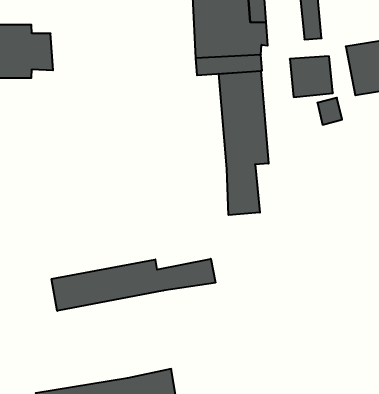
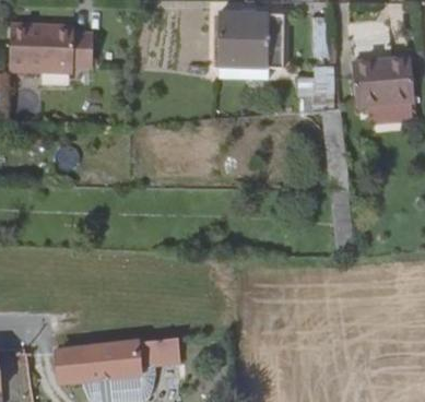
building: [219,71,269,215] -> none
building: [52,259,215,311] -> none

